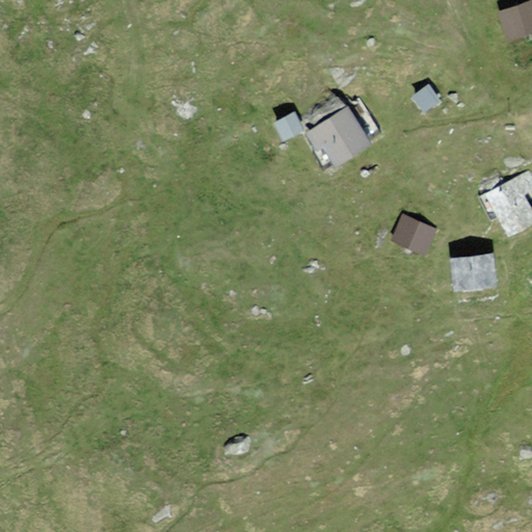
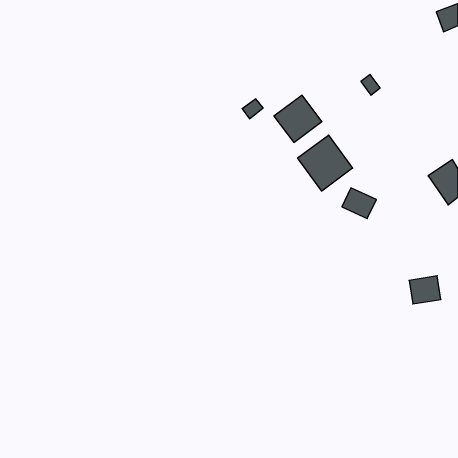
building: none -> [298,135,353,191]
building: [461,255,498,287] -> [409,276,441,304]

